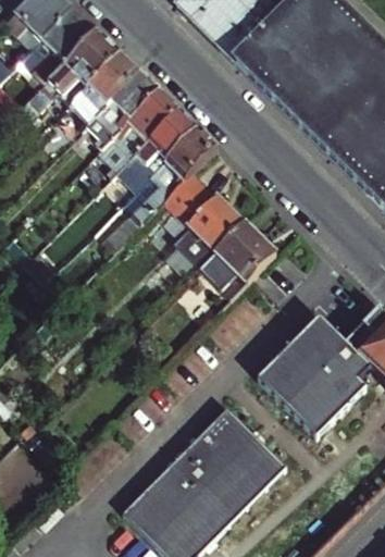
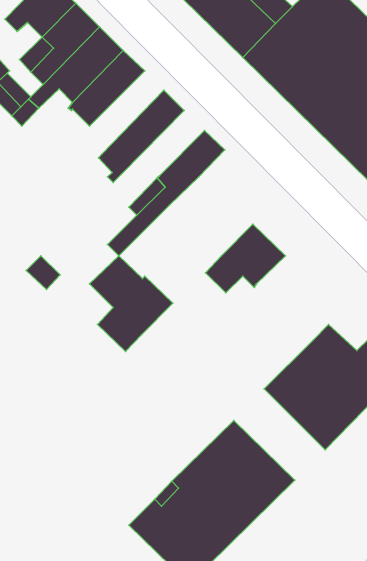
building: [79,71,159,151] -> none
building: [117,109,198,178] -> none
building: [164,173,245,265] -> [89,256,173,352]

